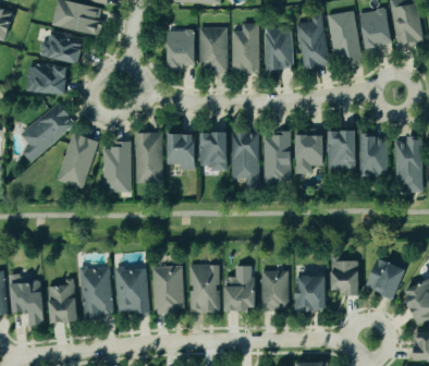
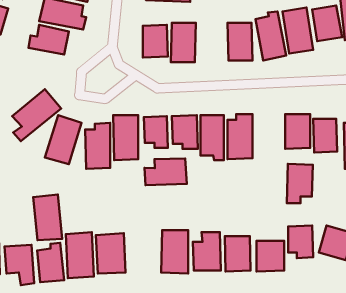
building: [230,24,258,73] -> none
building: [25,65,68,95] -> none
building: [295,130,324,174] -> [287,164,313,203]
building: none -> [145,159,187,185]
building: none -> [33,195,62,240]
building: [150,266,182,314] -> none

